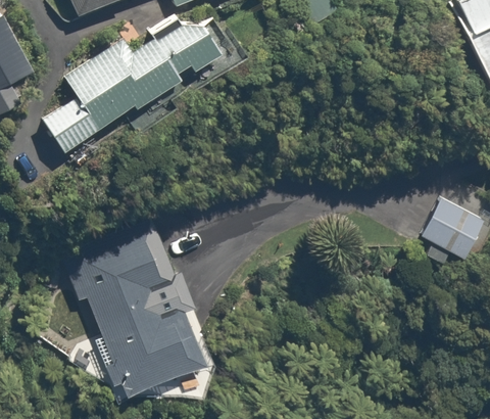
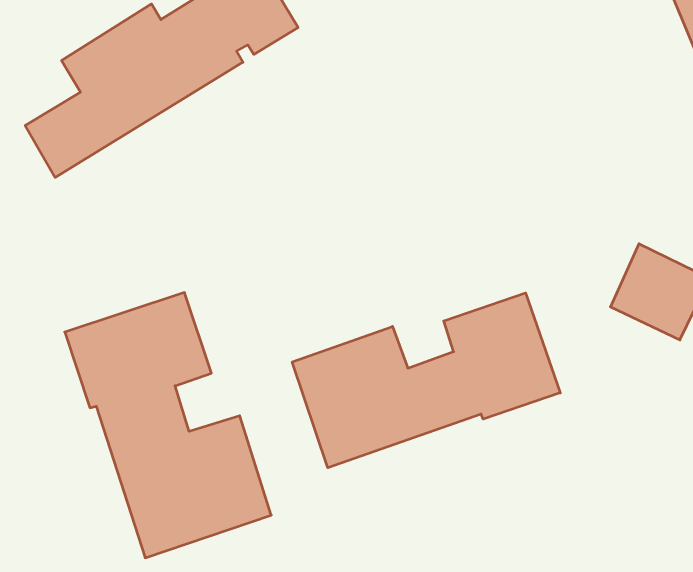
building: none -> [292,293,560,468]

